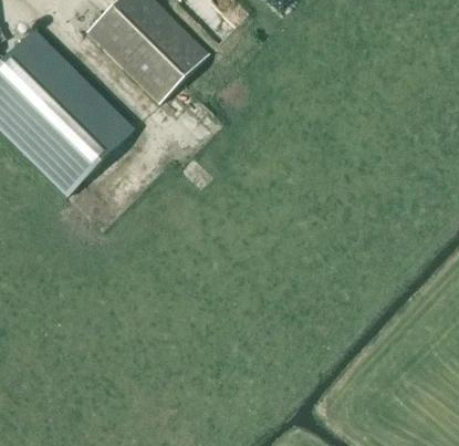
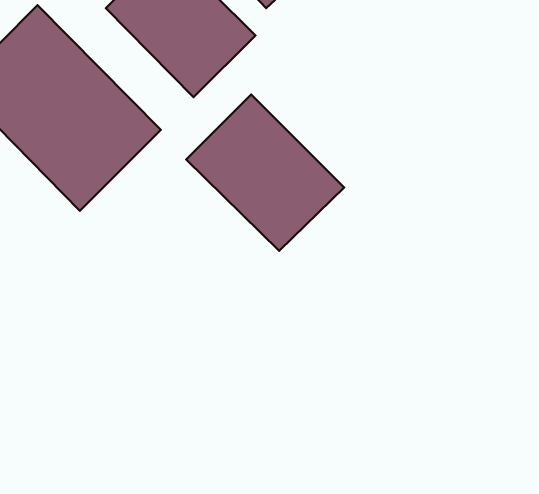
building: none -> [186,94,344,251]

